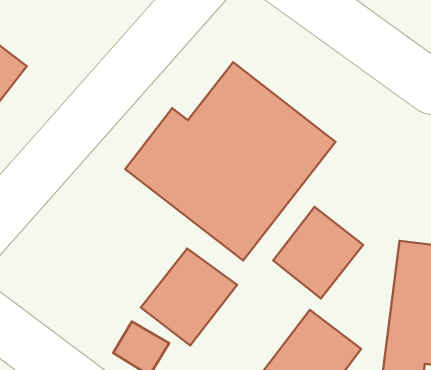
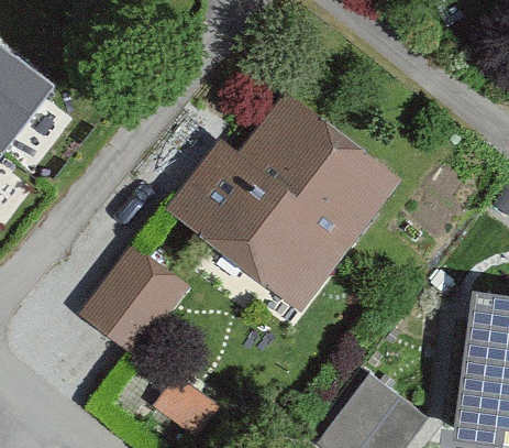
building: [273,207,363,299] -> none
building: [141,248,237,346] -> [78,248,186,357]

